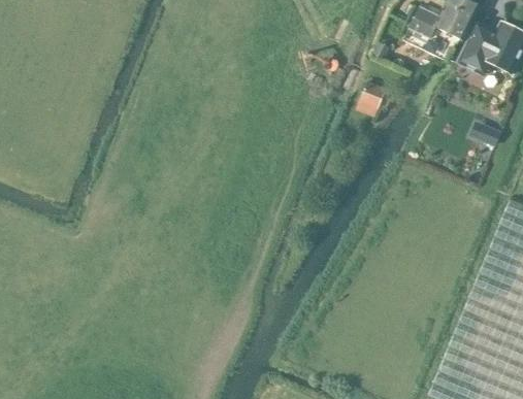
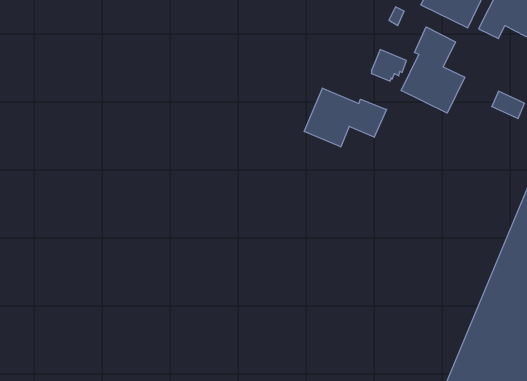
building: none -> [401,27,465,113]
building: none -> [304,88,387,147]

